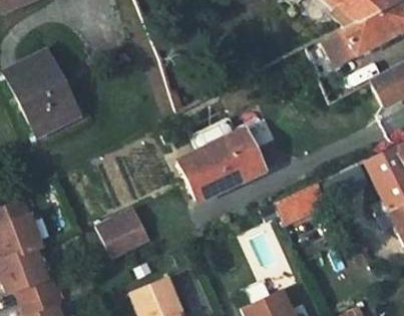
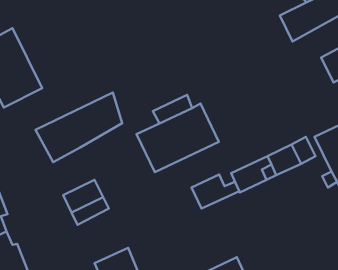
building: none -> [36,92,122,162]
building: none -> [191,175,239,208]

